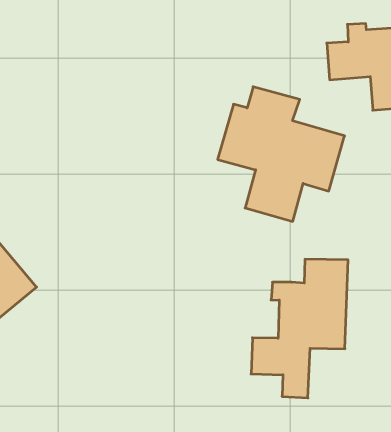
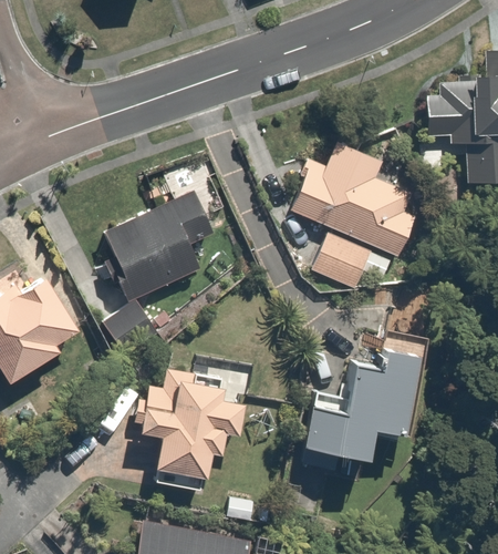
building: none -> [97,175,214,343]
building: none -> [135,368,247,491]

